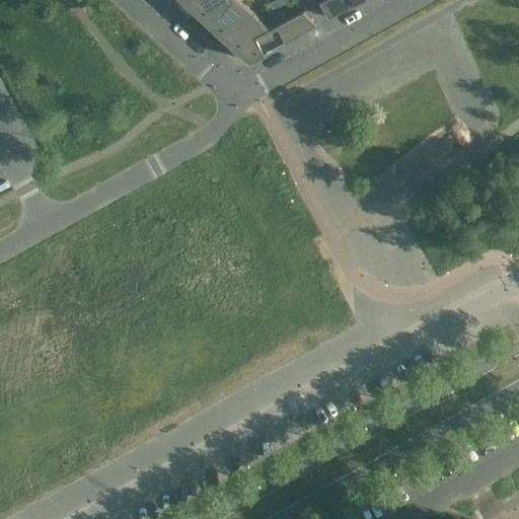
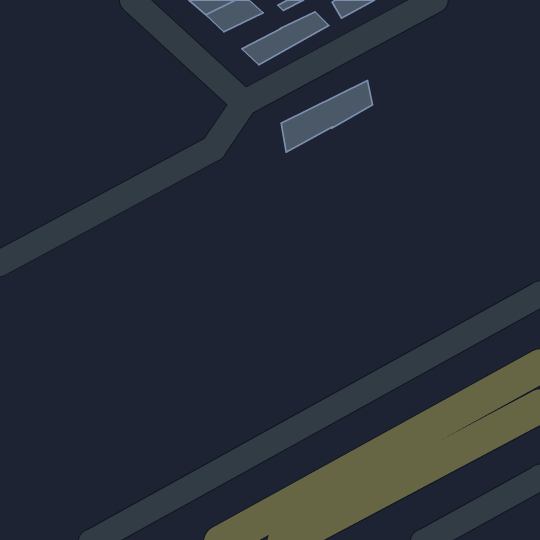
building: [214,14,269,49] -> none
building: none -> [281,81,372,152]

